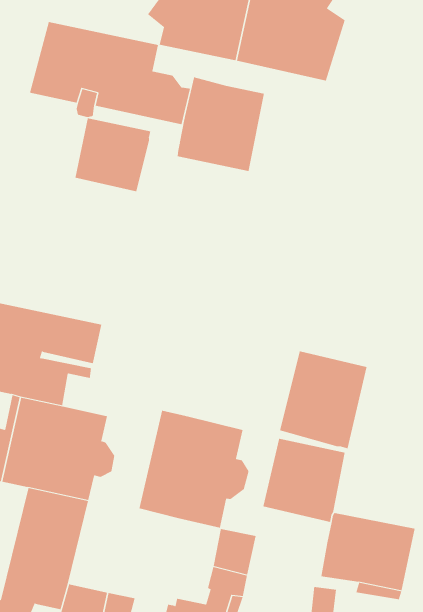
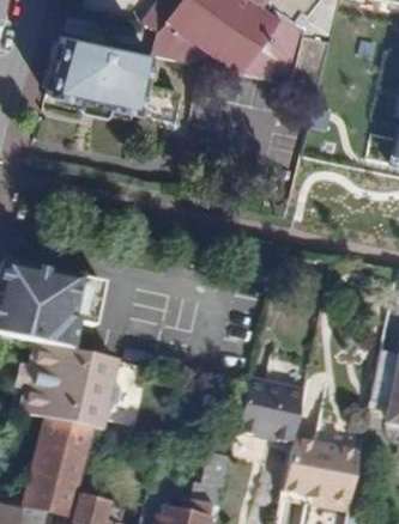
building: [177,76,265,172] -> none
building: [75,118,151,192] -> none
building: [280,351,367,449] -> none
building: [139,410,249,528] -> none

